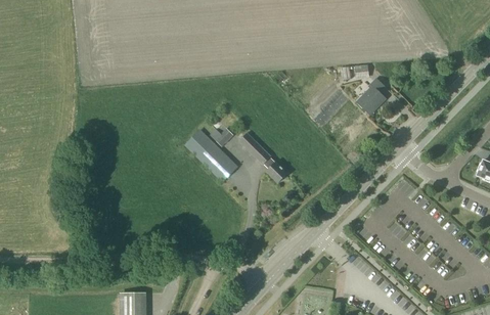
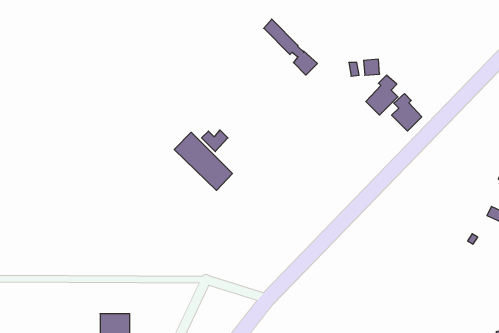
building: none -> [392,94,422,131]
building: [240,132,288,182] -> [264,19,317,75]

